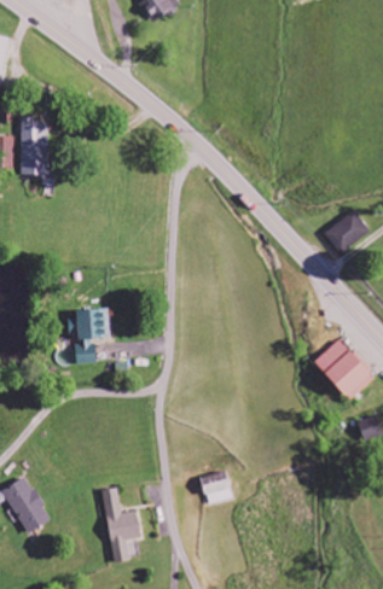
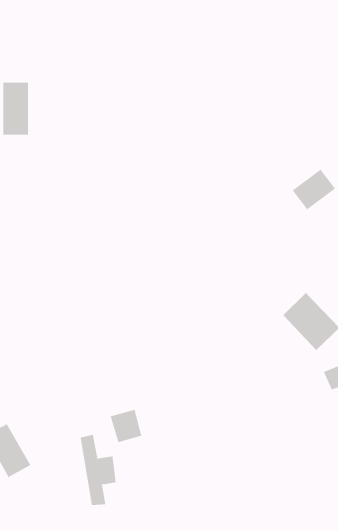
building: [75,308,108,362] -> none
building: [199,470,233,505] -> [110,409,142,443]

